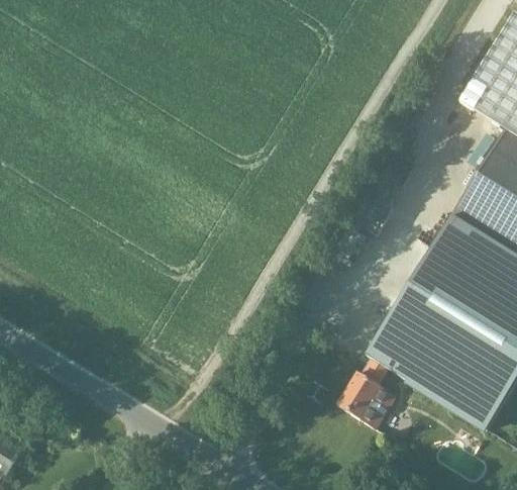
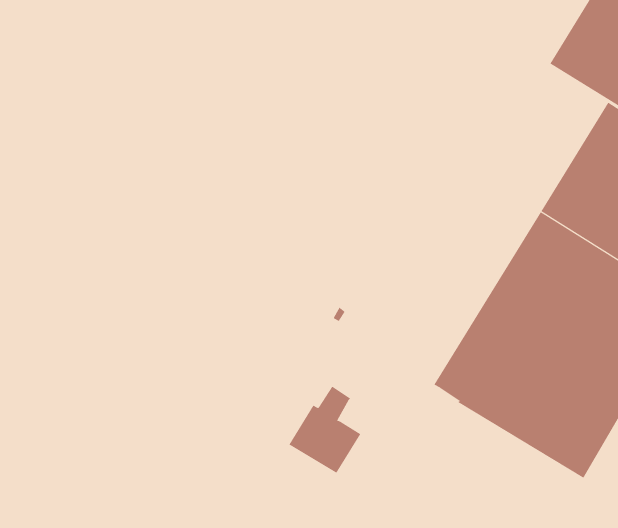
building: [338,356,396,425] -> [288,386,361,474]

